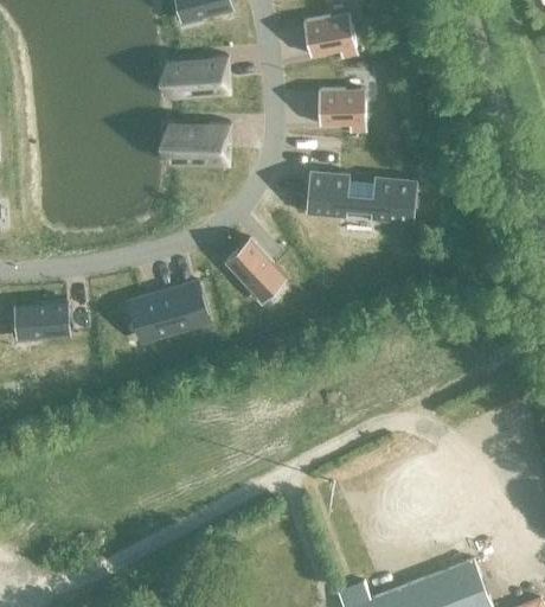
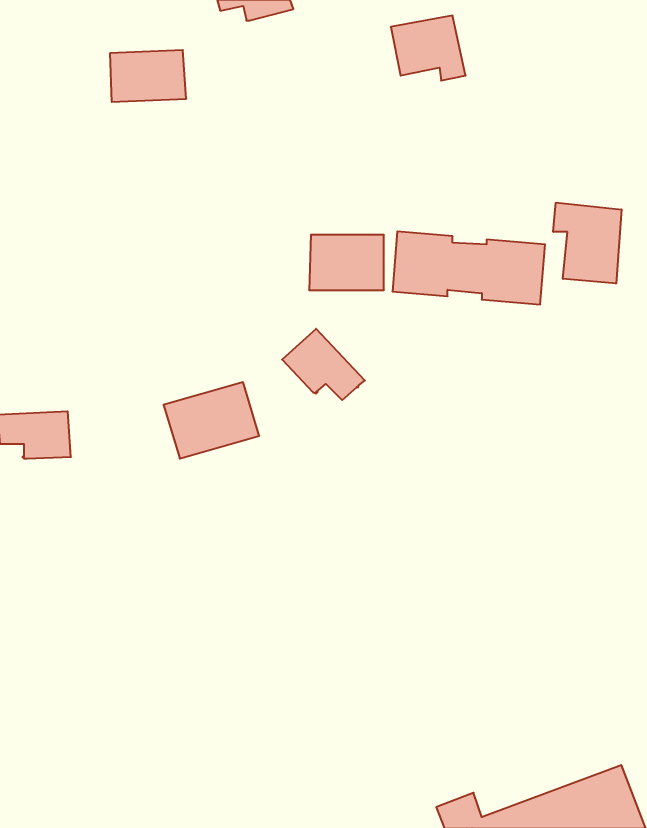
building: [172,58,227,96] -> [110,50,186,102]
building: [316,88,364,134] -> none
building: [173,123,227,164] -> [309,235,384,290]
building: none -> [553,203,622,284]

